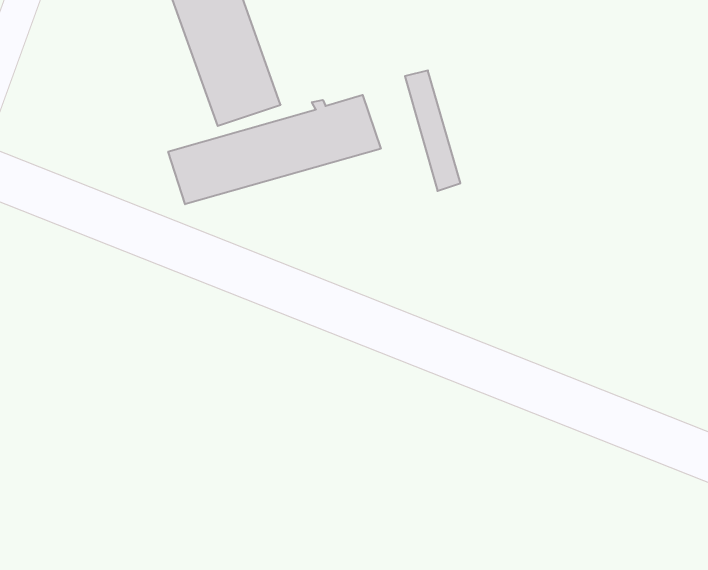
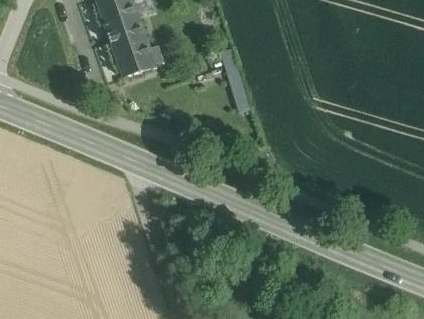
building: [168,95,381,204] -> none

